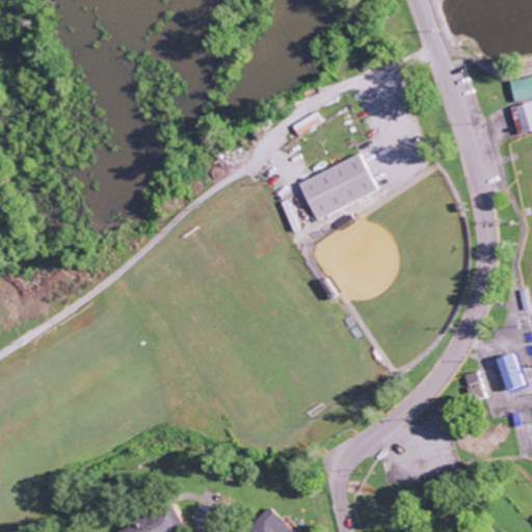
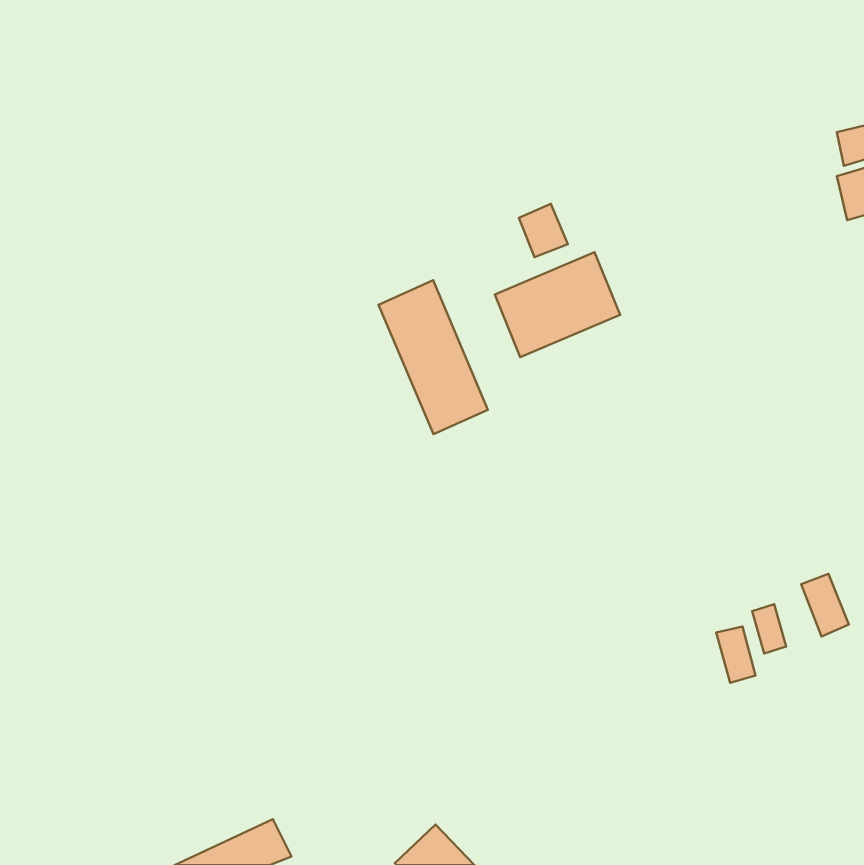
building: none -> [519,204,568,257]
building: none -> [379,280,488,434]
building: none -> [716,626,756,683]

